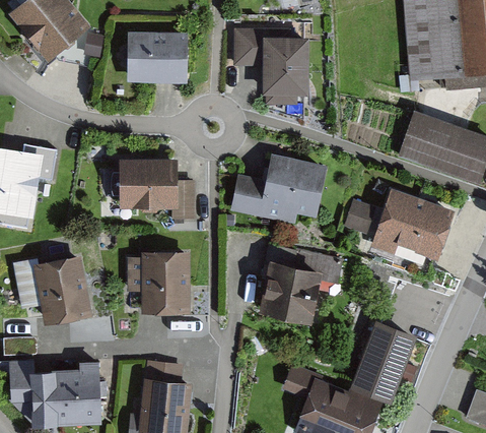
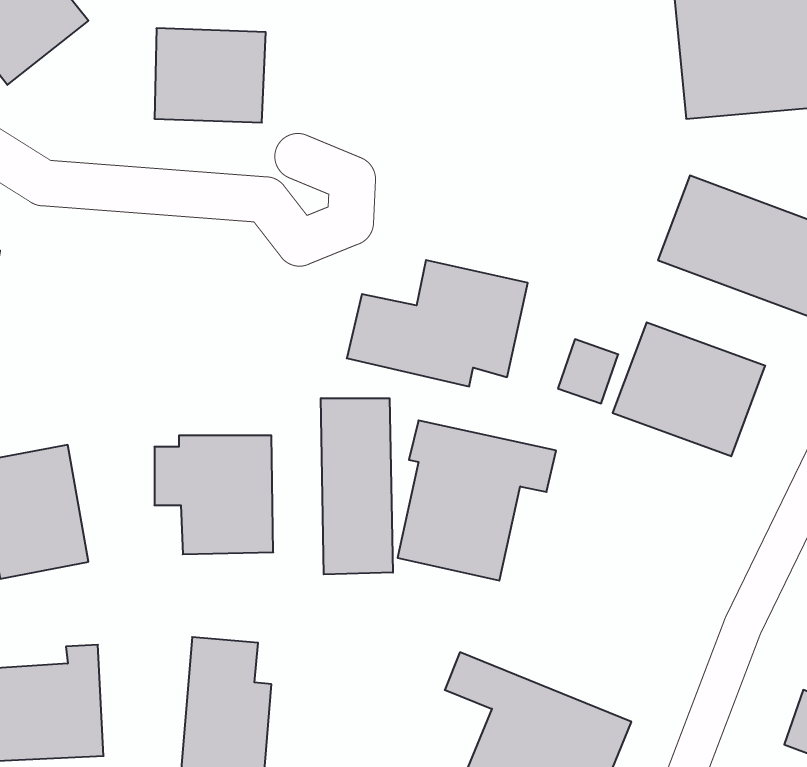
building: [234,28,308,104] -> none
building: [119,161,193,215] -> none
building: none -> [321,398,393,574]
building: [349,324,417,407] -> none

